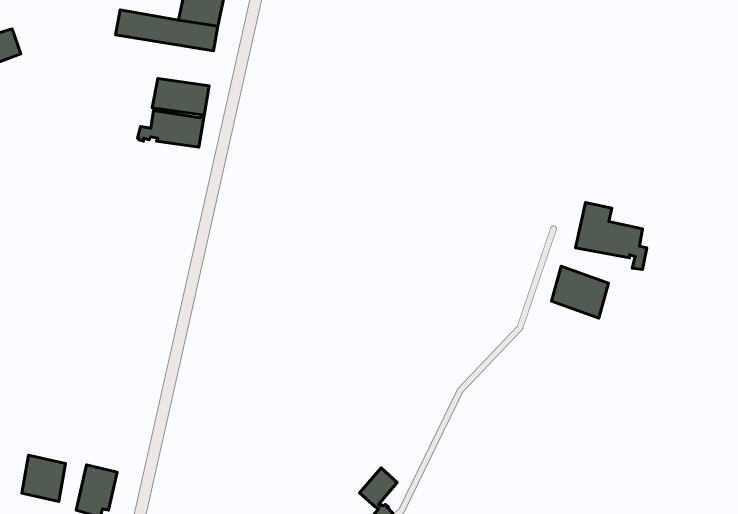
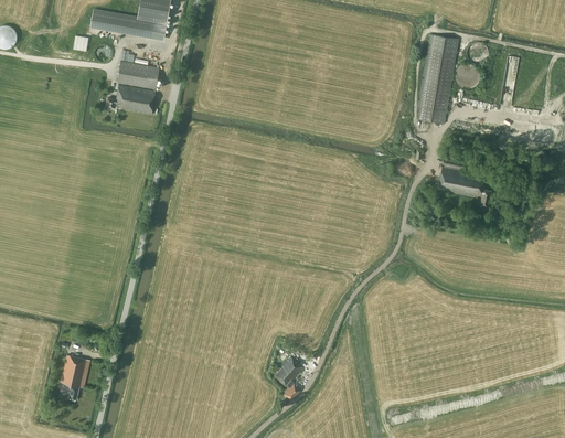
building: none -> [417,34,459,124]
building: [551,266,609,318] -> none
building: [22,455,66,502] -> none

